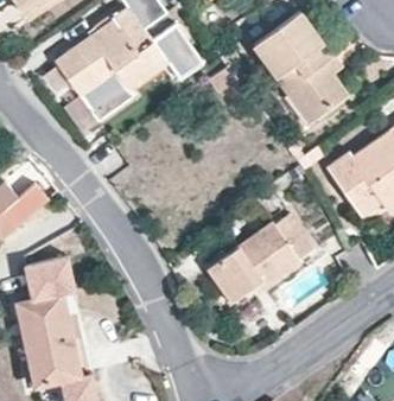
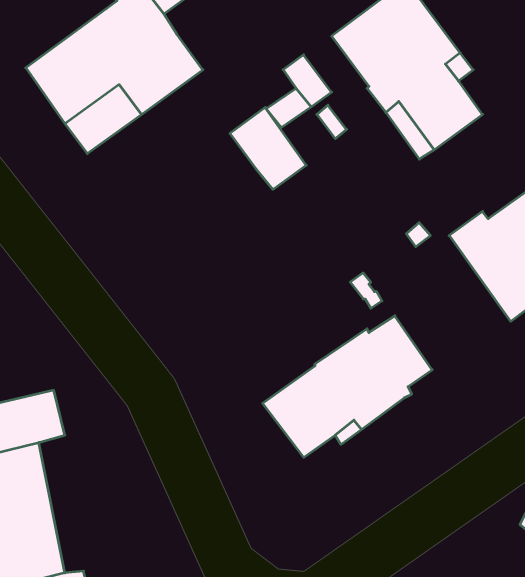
building: [152,21,201,74] -> [230,107,306,189]

